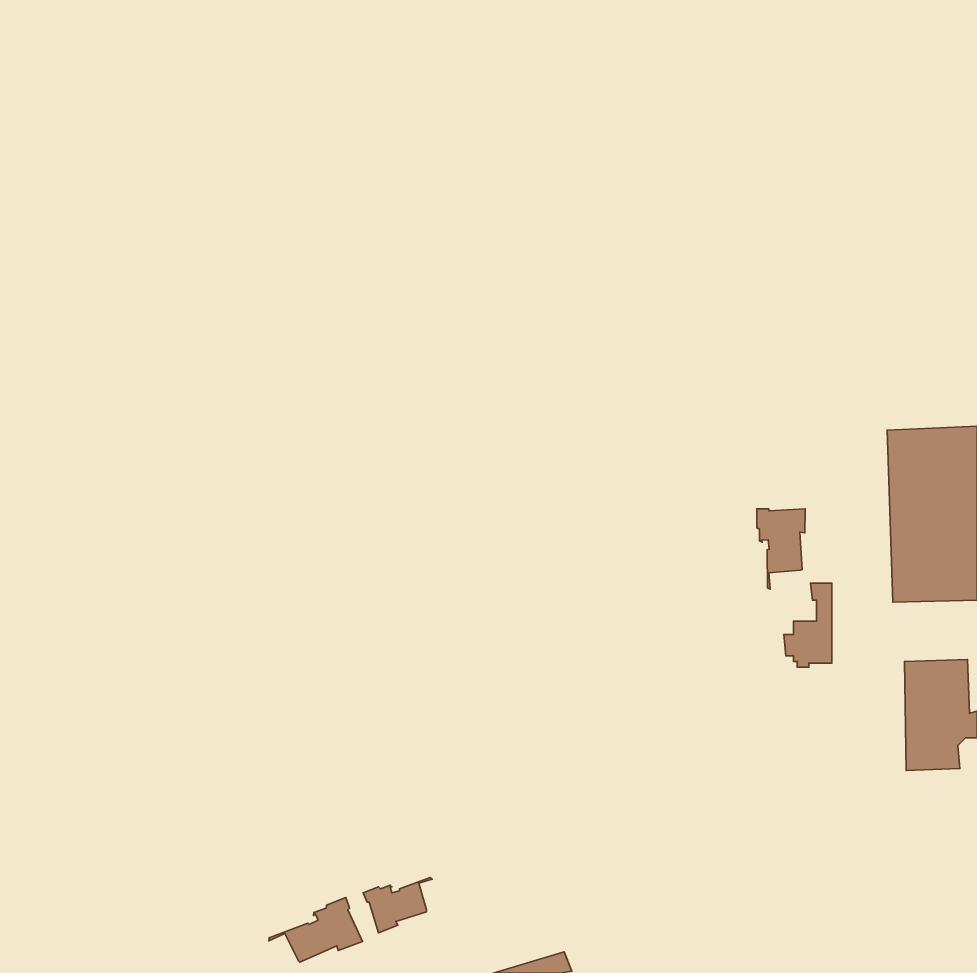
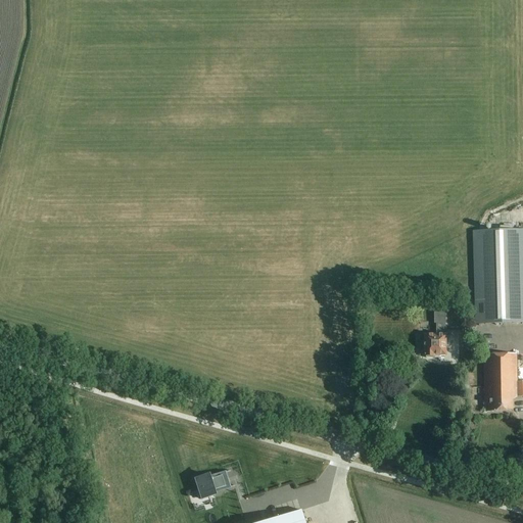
building: [757,509,805,589] -> none
building: [269,898,362,962] -> none

